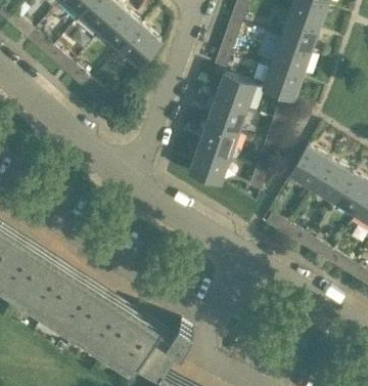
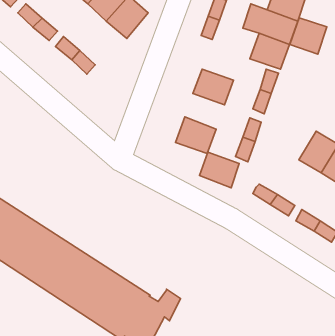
building: none -> [290,18,327,54]
building: [215,75,255,111] -> none
building: [197,124,237,160] -> [200,152,239,188]
building: [289,147,329,190] -> none

